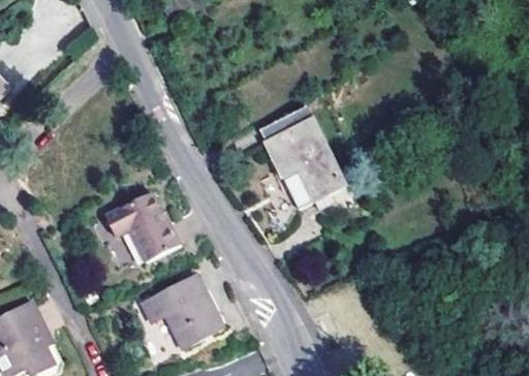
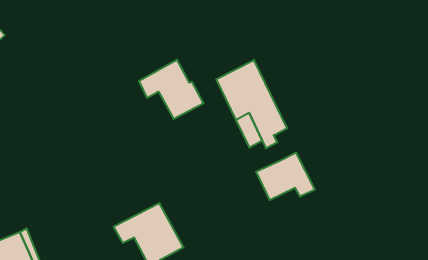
building: [104,192,180,261] -> [139,60,204,119]
building: none -> [256,153,315,200]

